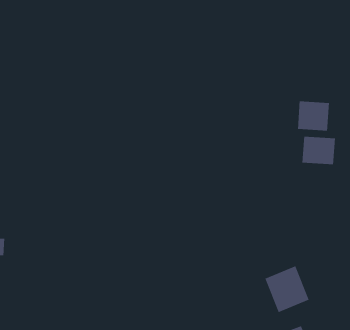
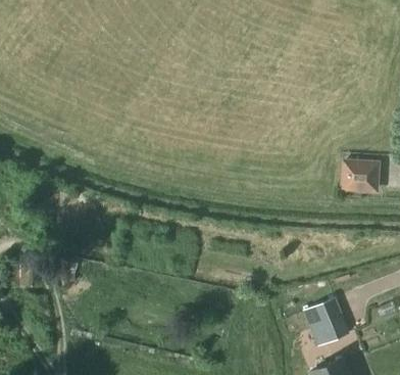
building: [297,101,329,132] -> none

